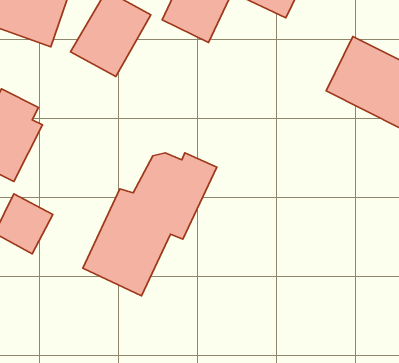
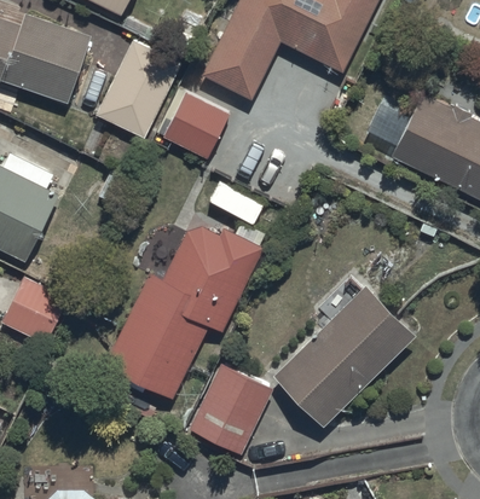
building: none -> [158,92,230,158]
building: none -> [273,282,418,424]
building: none -> [187,364,272,454]

